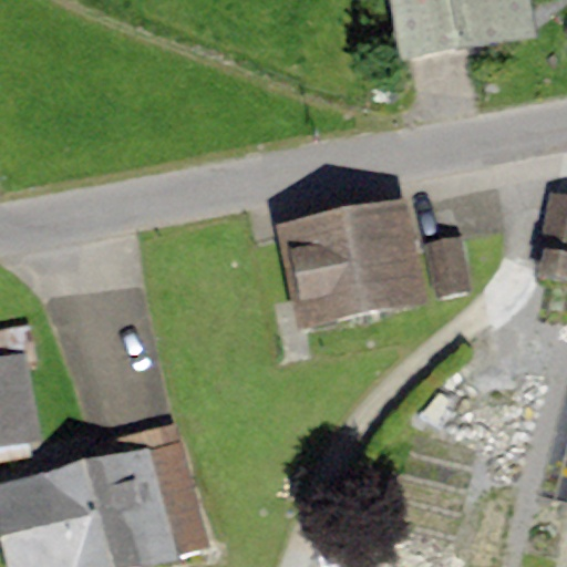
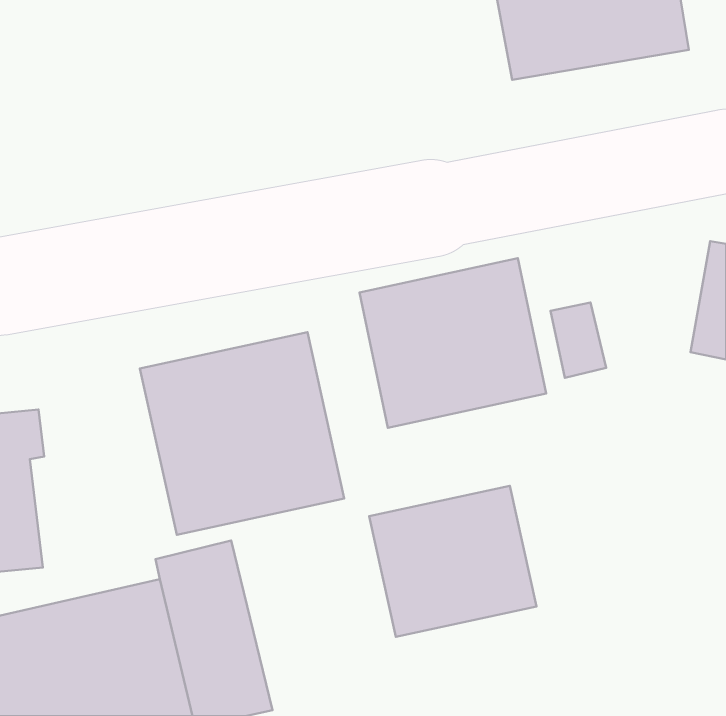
building: none -> [140,332,344,535]
building: none -> [369,486,537,637]

